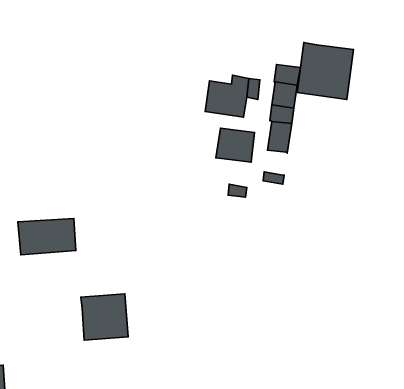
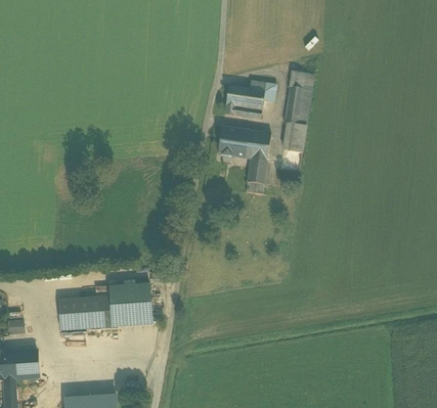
building: [297,43,354,99] -> none
building: none -> [218,127,238,156]
building: none -> [247,158,267,184]
building: [18,219,76,255] -> [57,297,112,330]

